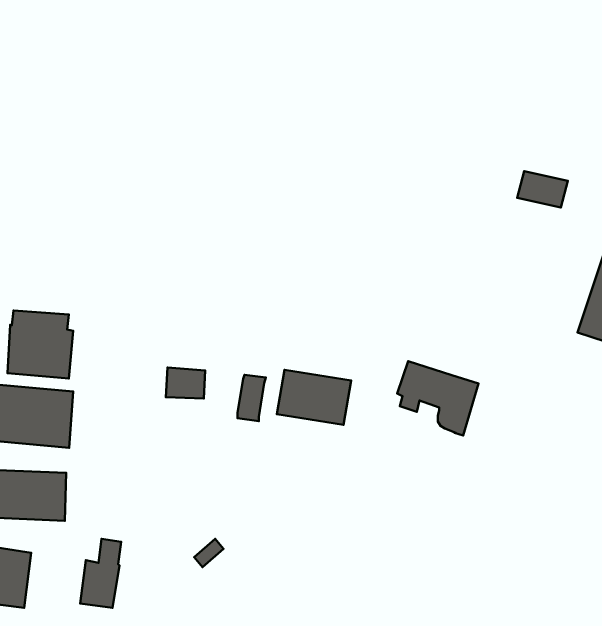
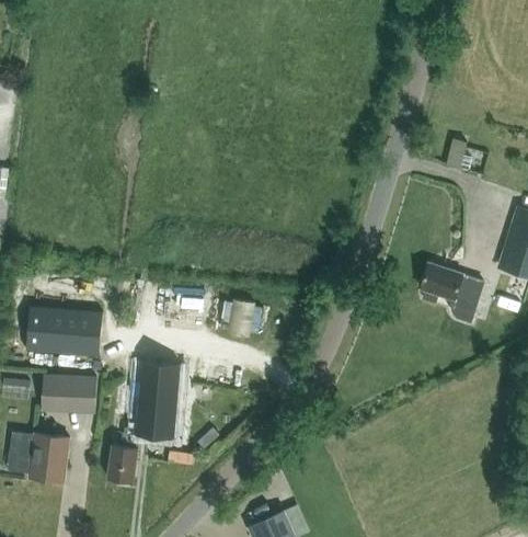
building: [7,310,73,379] -> none
building: [397,361,478,436] -> [420,264,483,322]
building: [277,370,351,425] -> none
building: none -> [135,361,181,432]

